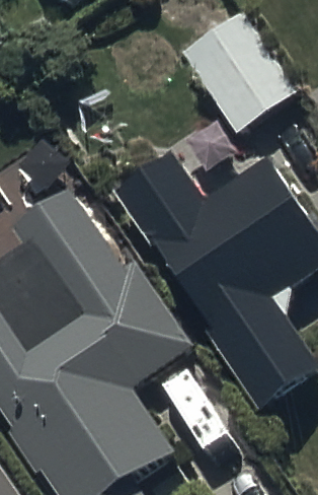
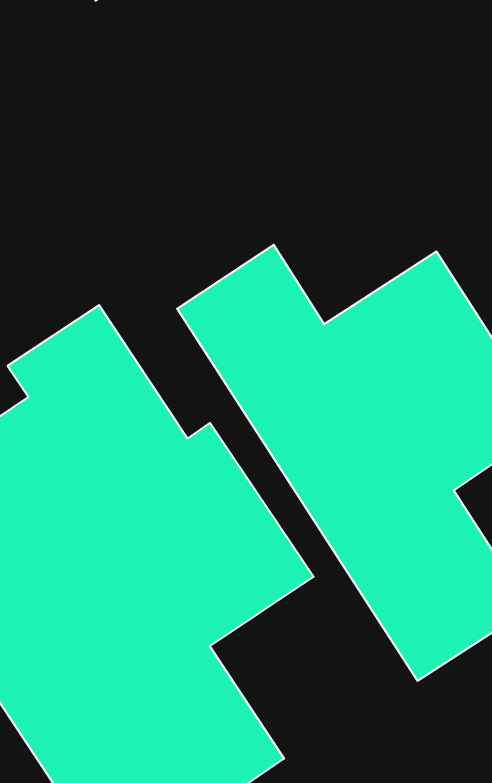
building: [183,18,295,133] -> none

